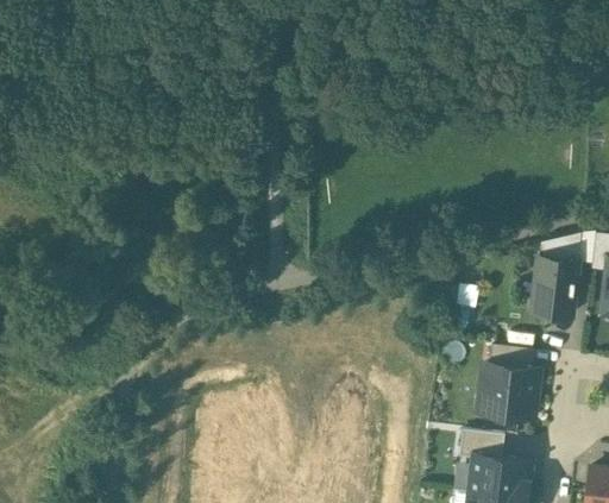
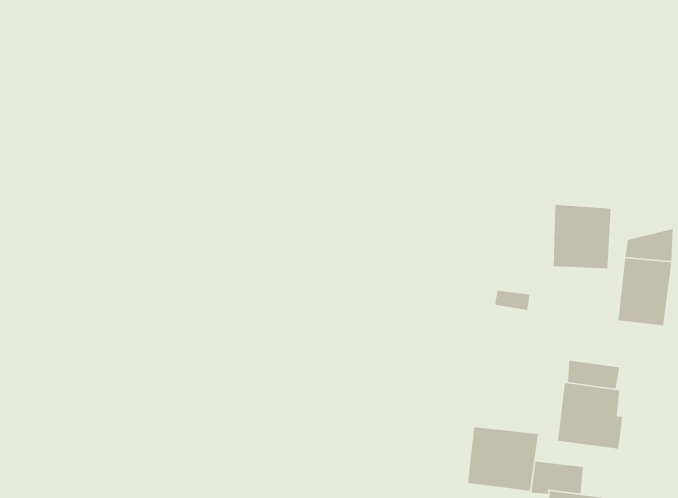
building: none -> [553,204,611,269]
building: none -> [467,427,539,492]

